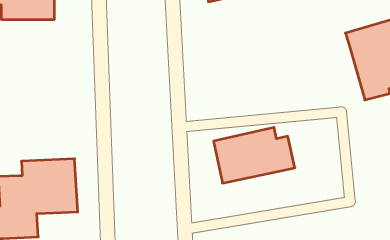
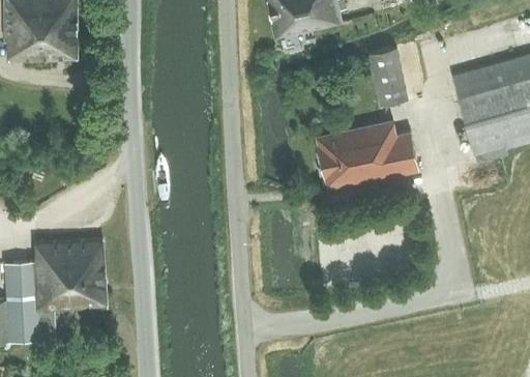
building: none -> [367,45,420,108]
building: [214,127,295,183] -> [315,119,419,191]

